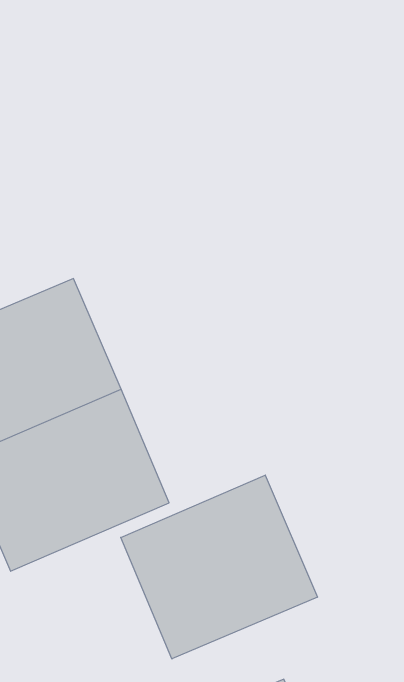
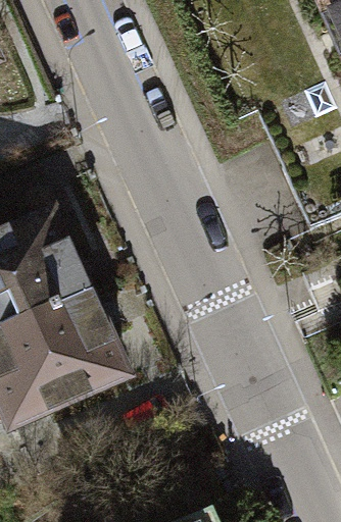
building: [121,475,317,659] -> none

